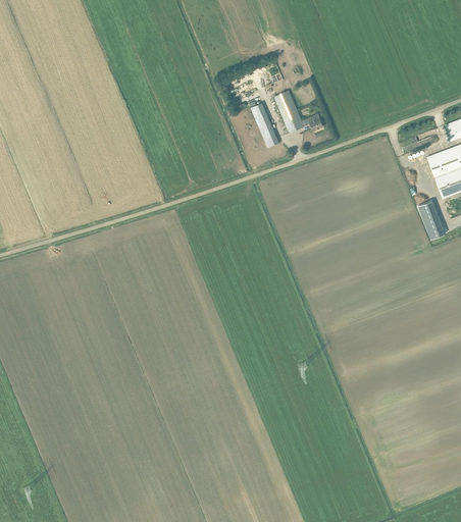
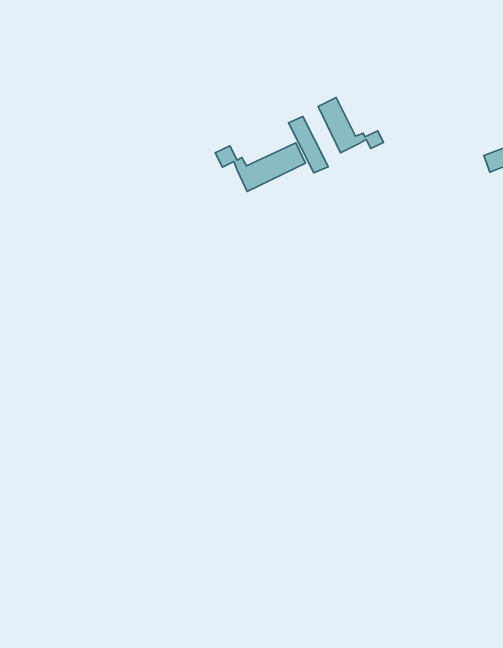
building: none -> [215,143,305,192]

